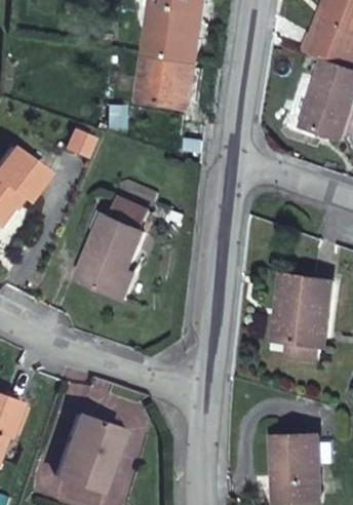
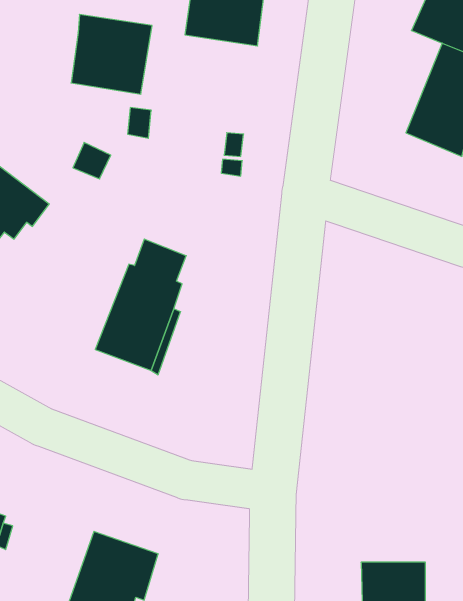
building: [138,49,197,108] -> [71,14,152,94]
building: [281,273,332,345] -> none

